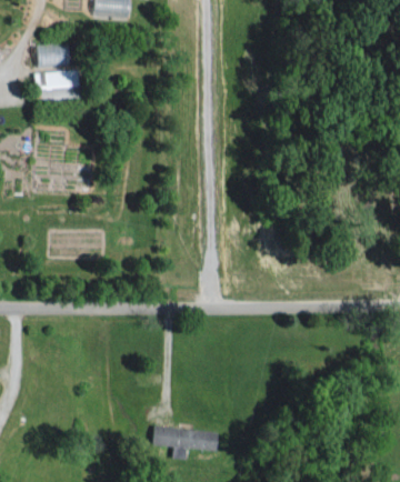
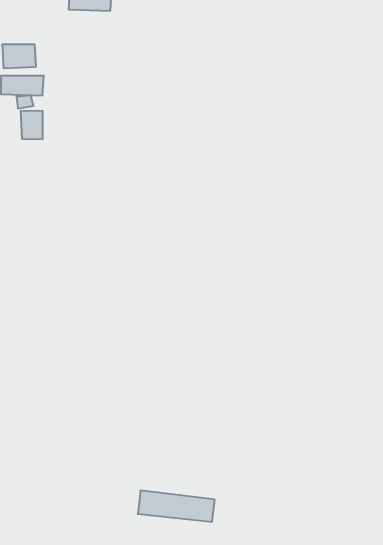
building: none -> [21,111,42,139]

